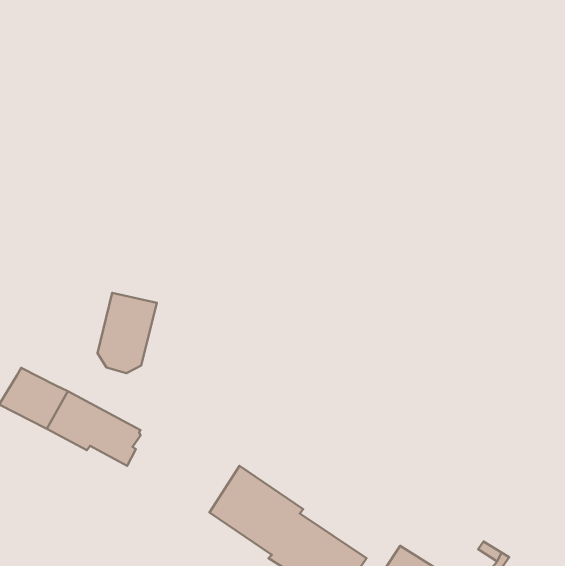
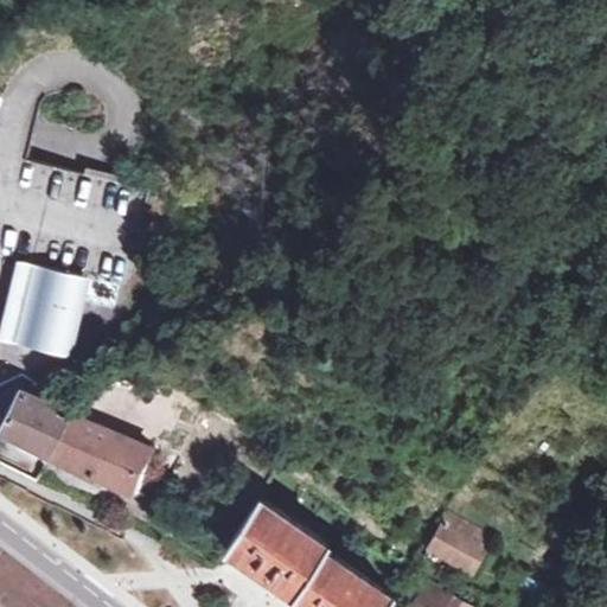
building: [98,293,157,373] -> [15,273,78,358]
building: none -> [426,529,478,571]

